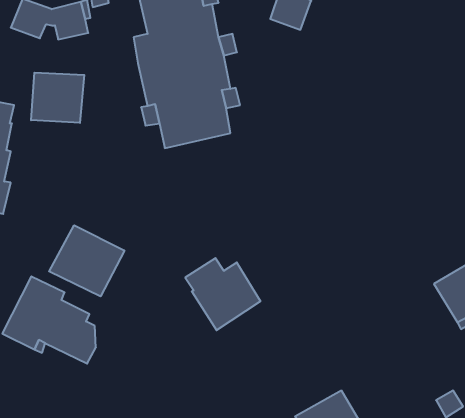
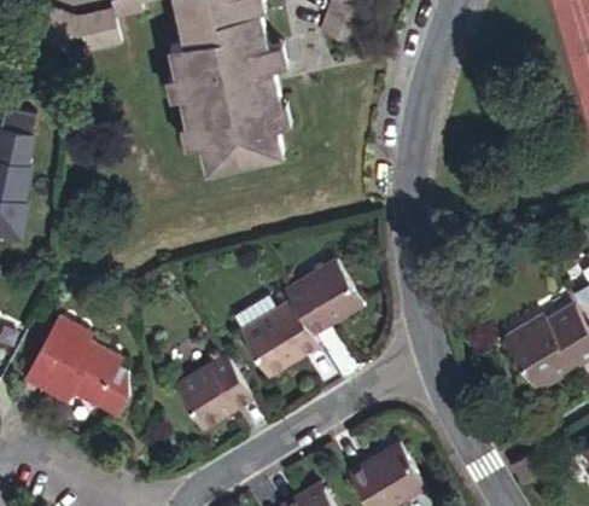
building: [31,73,84,123] -> none
building: [49,225,124,296] -> none
building: none -> [280,261,357,335]
building: none -> [174,356,247,430]

